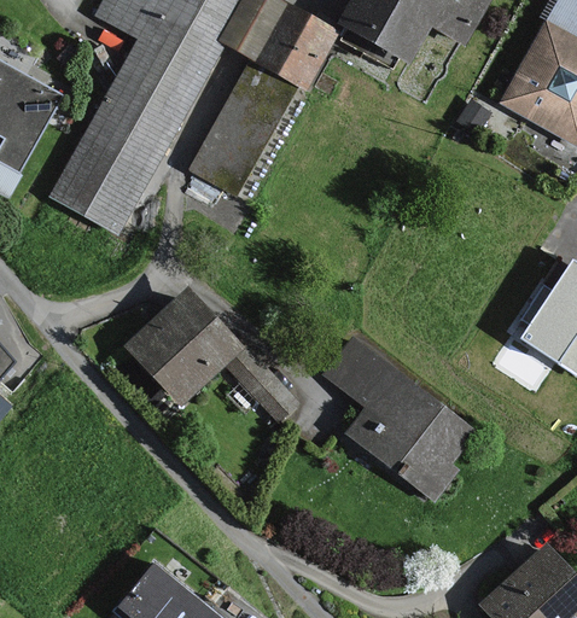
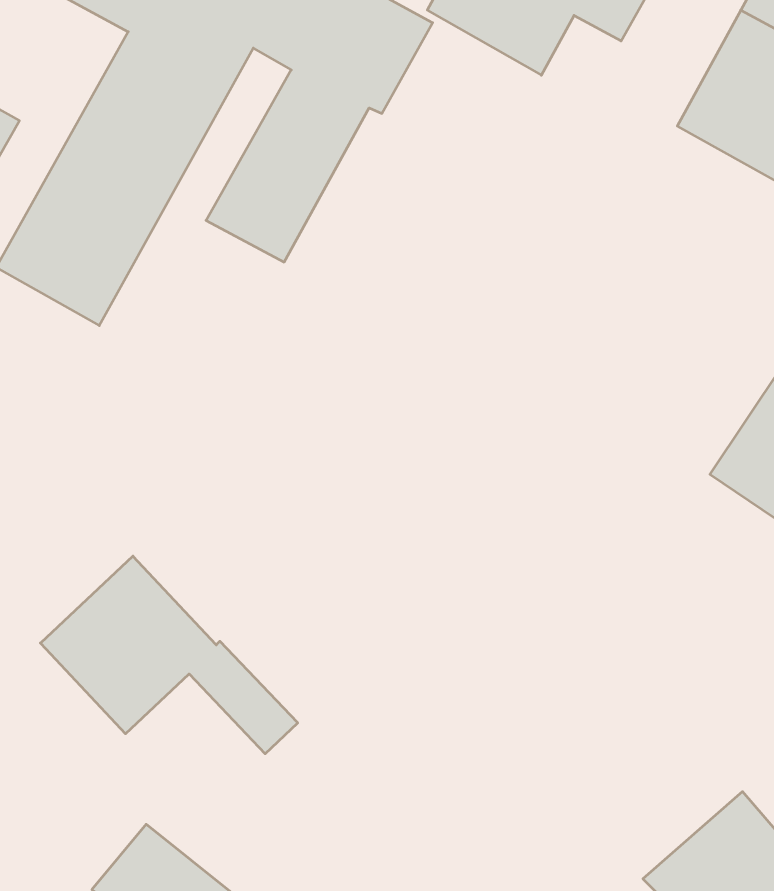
building: [122,288,293,420] -> [40,556,298,754]
building: [324,336,473,500] -> none

